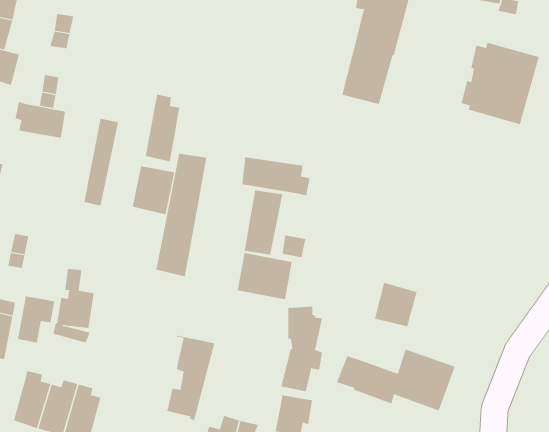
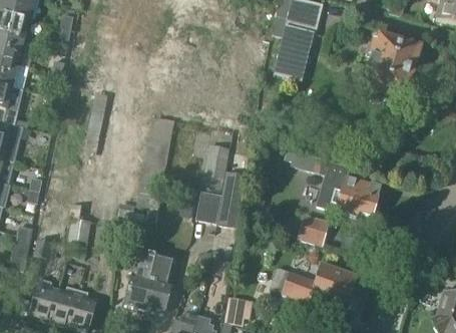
building: [145,94,180,162] -> none
building: [15,101,65,138] -> none
building: [242,156,310,196] -> none
building: [132,165,175,215] -> none
building: none -> [286,150,380,217]
building: [281,306,323,392] -> [124,245,155,308]

